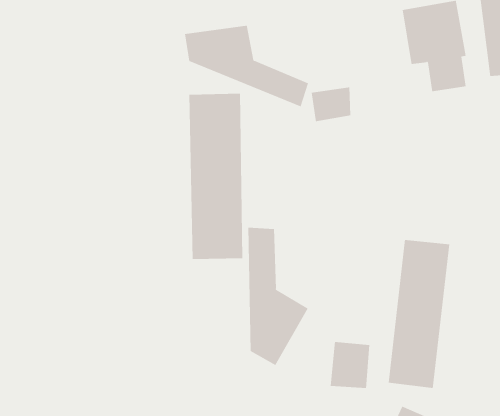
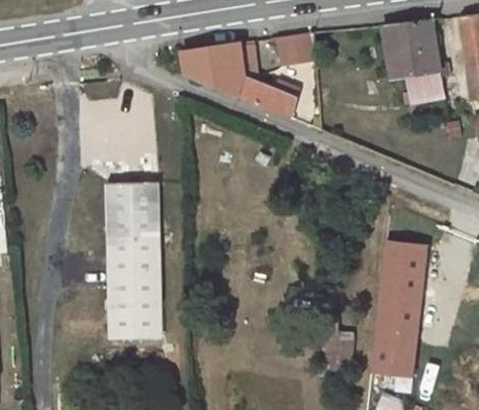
building: [311,87,351,122] -> [277,34,314,67]
building: [188,93,243,260] -> [109,185,160,338]
building: [248,227,309,366] -> none

